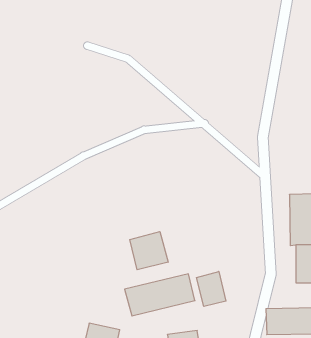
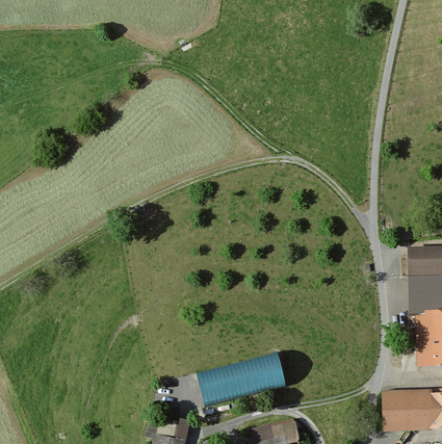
building: [130,232,168,270] -> none
building: [196,271,226,306] -> none

